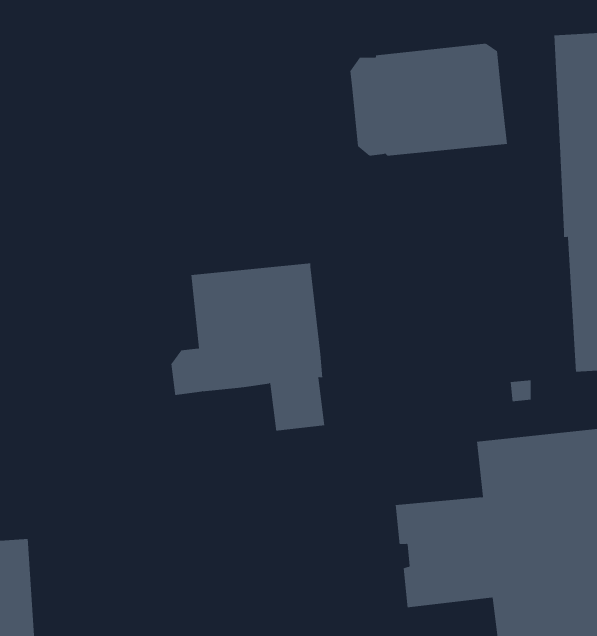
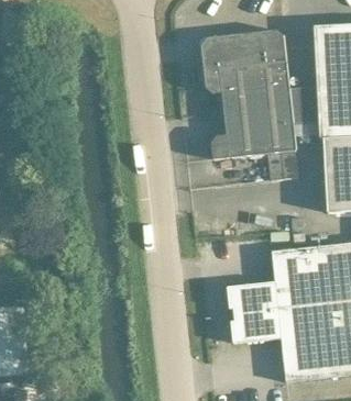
building: [171,263,325,431] -> [212,86,298,179]

